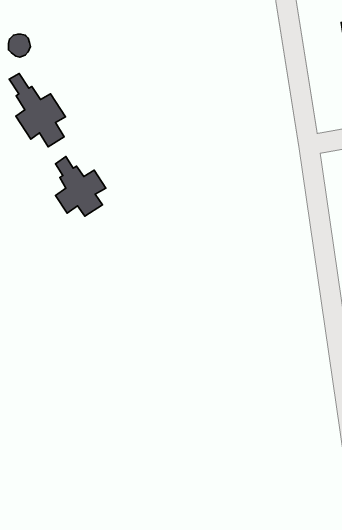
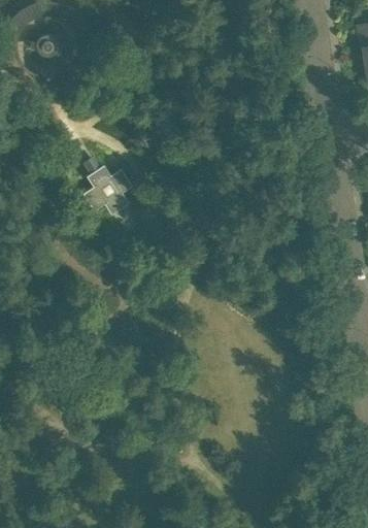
building: [9,74,65,147] -> none

